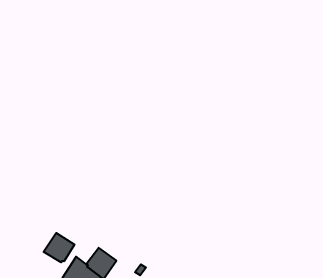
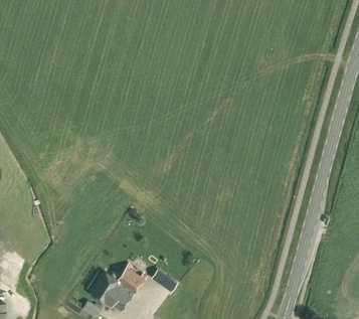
building: [44,233,74,262] -> none

